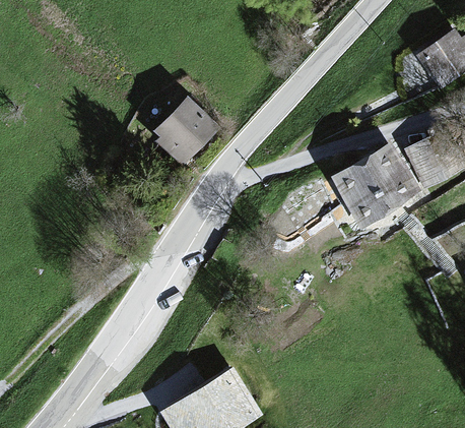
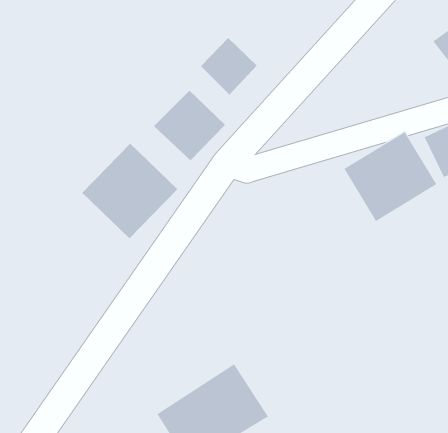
building: none -> [200,37,258,96]
building: none -> [82,143,178,239]

